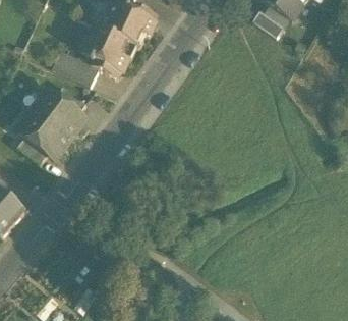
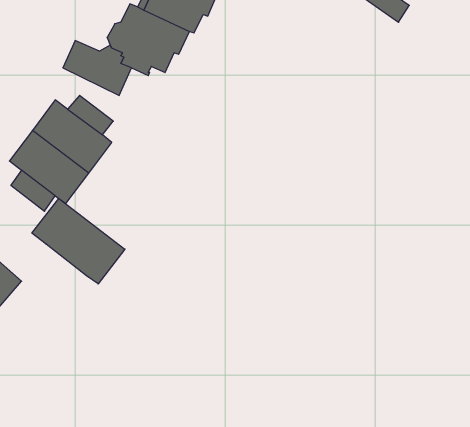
building: none -> [32,198,125,284]

